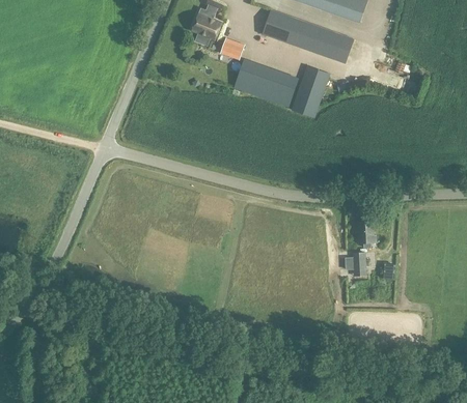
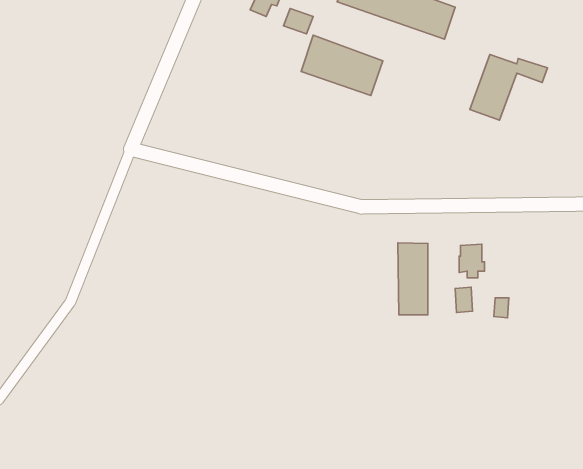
building: [291,66,351,117] -> [470,54,548,120]
building: none -> [398,243,428,315]

